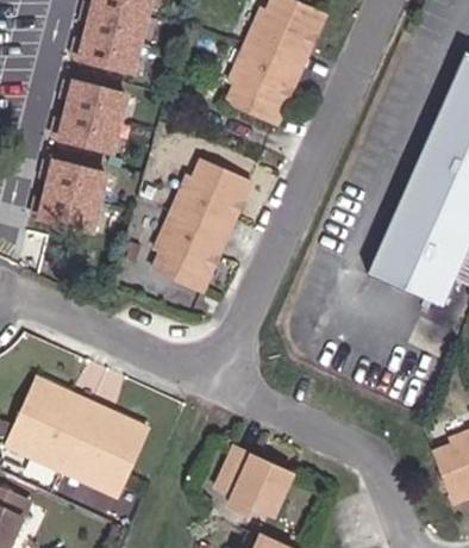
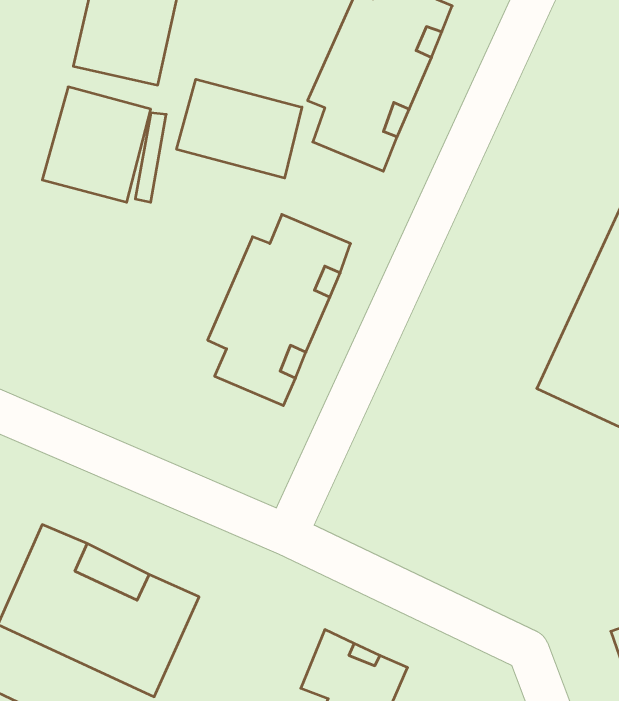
building: none -> [177,79,302,178]
building: [20,154,93,226] -> none

